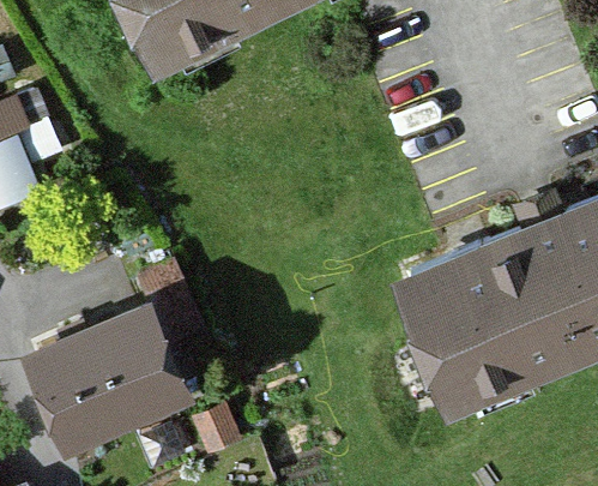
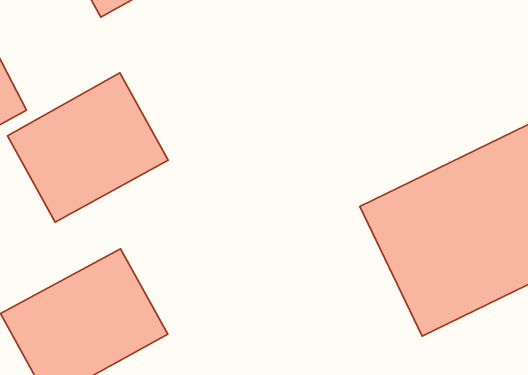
building: none -> [8,73,168,222]

